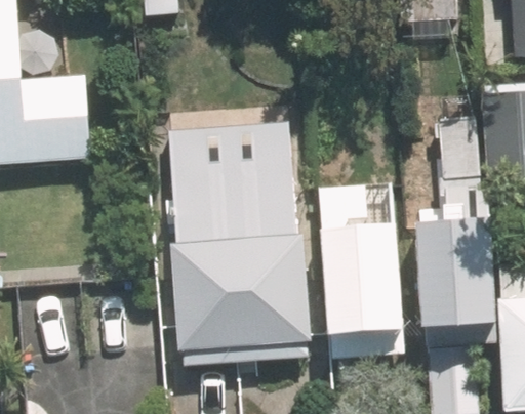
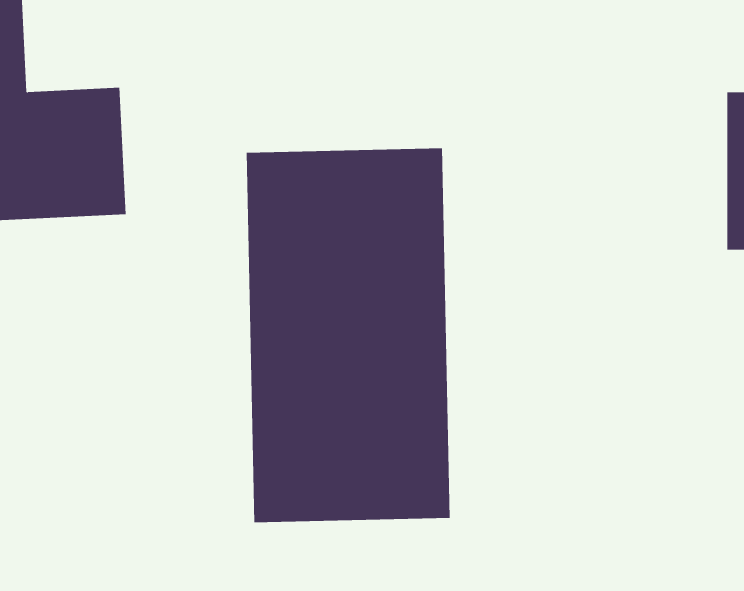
building: [410,127,493,321] -> none
building: [316,194,403,324] -> none

